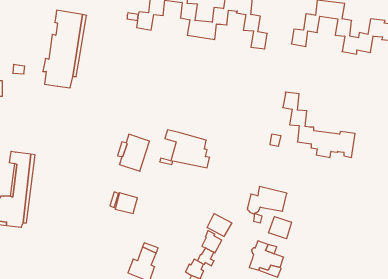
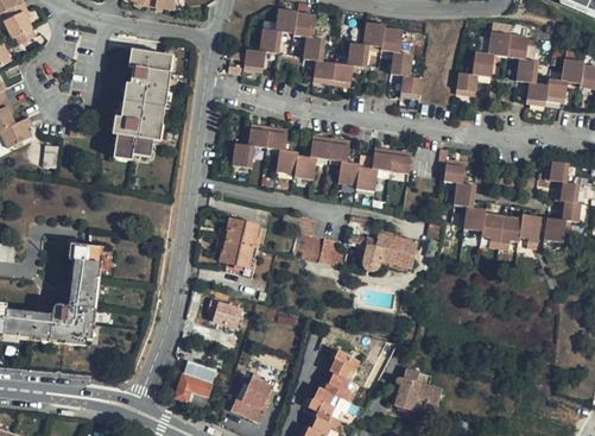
building: none -> [232,125,412,192]
building: none -> [545,160,583,241]
building: [247,186,287,214] -> [362,232,417,270]
building: [207,214,232,236] -> none
building: [269,217,291,239] -> none
building: none -> [176,361,216,406]

